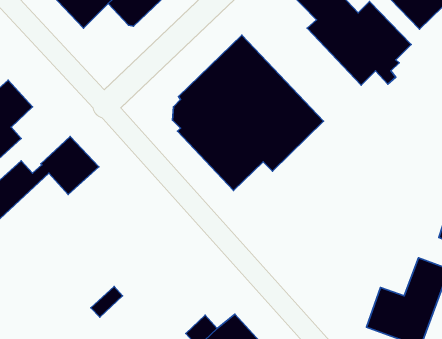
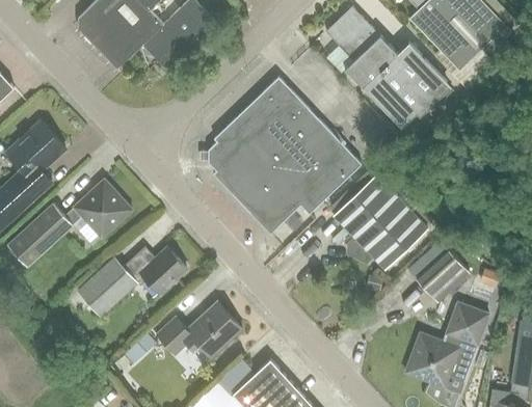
building: none -> [334,173,428,268]
building: none -> [69,246,187,316]
building: none -> [418,249,470,300]
building: none -> [157,301,242,357]

